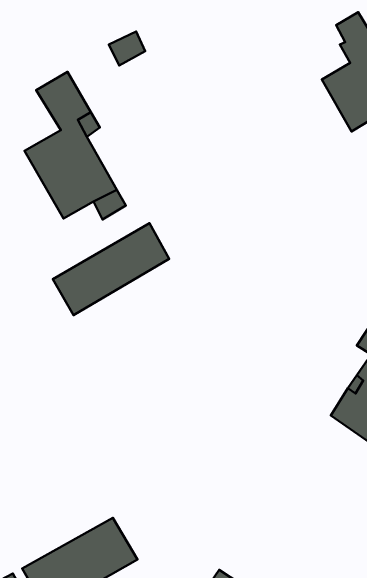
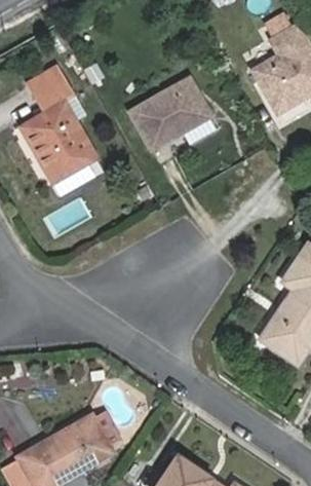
building: none -> [131,81,207,147]
building: [53,223,169,315] -> none

